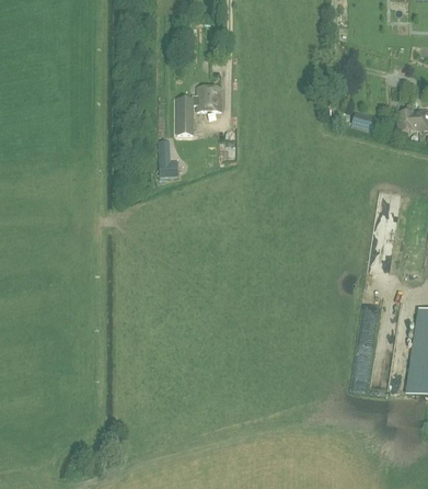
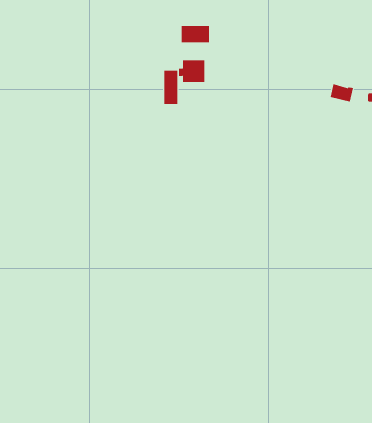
building: none -> [181,25,210,43]
building: [159,141,178,177] -> none

